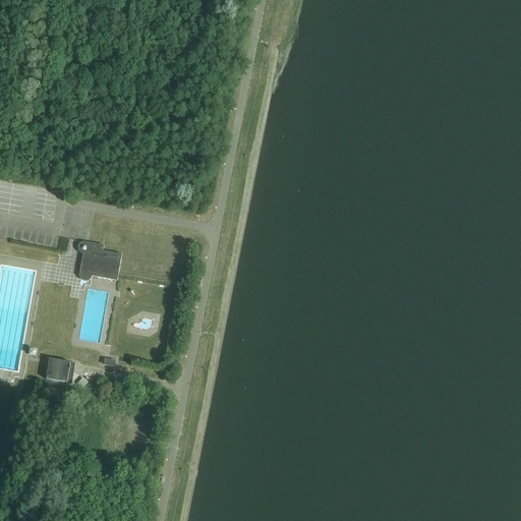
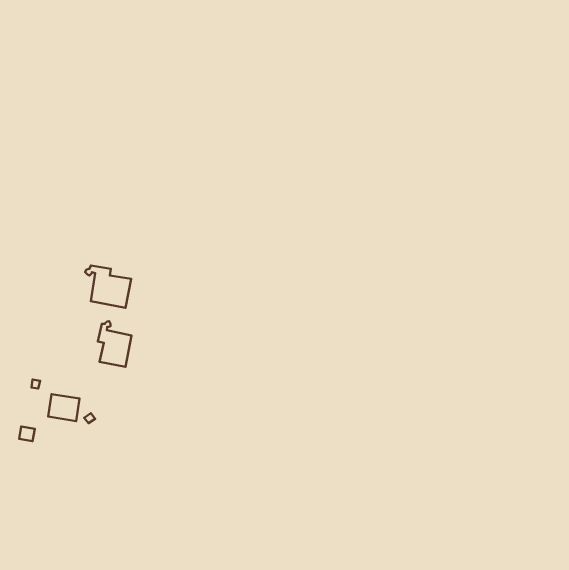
building: none -> [98,321,131,367]

